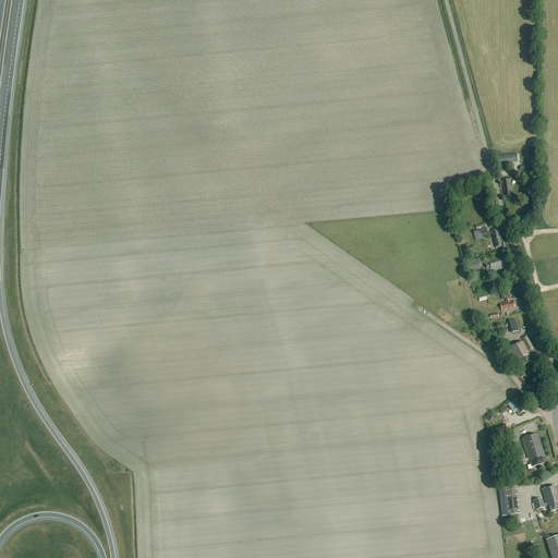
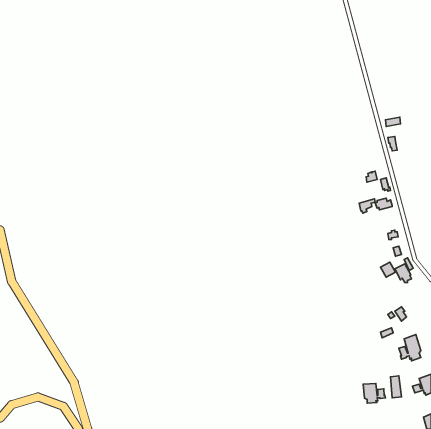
building: none -> [363,383,385,403]

